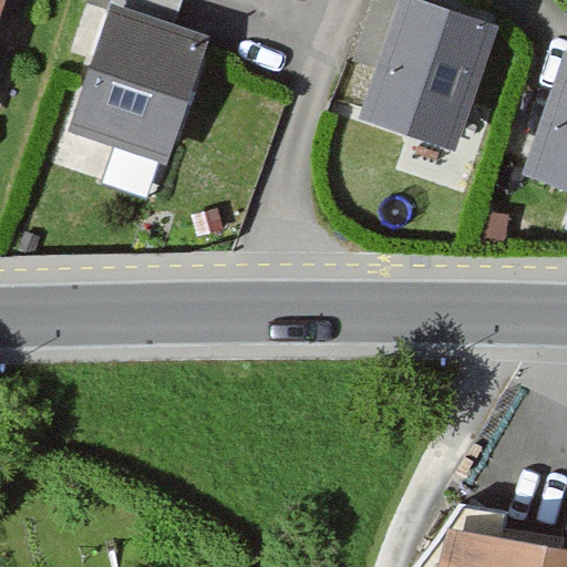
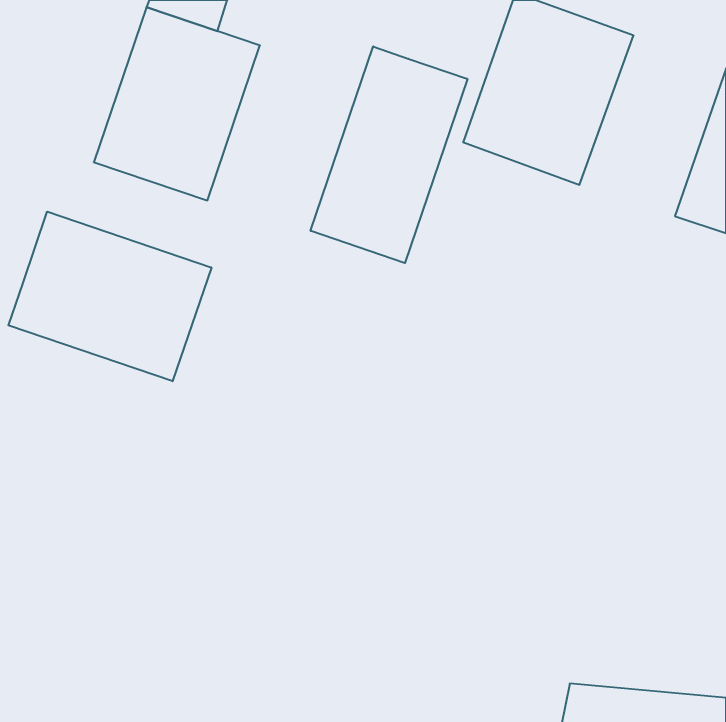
building: none -> [311,46,467,263]
building: none -> [8,212,211,381]

